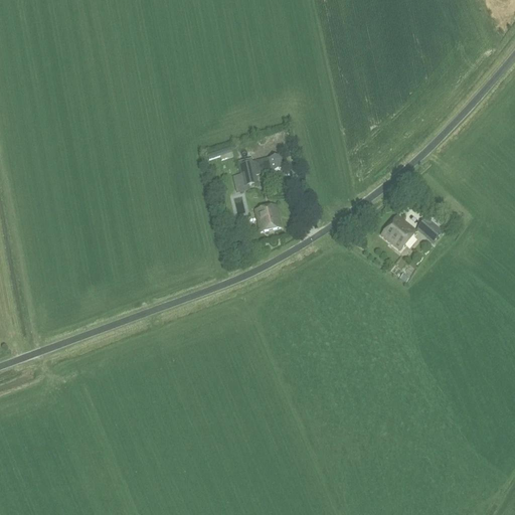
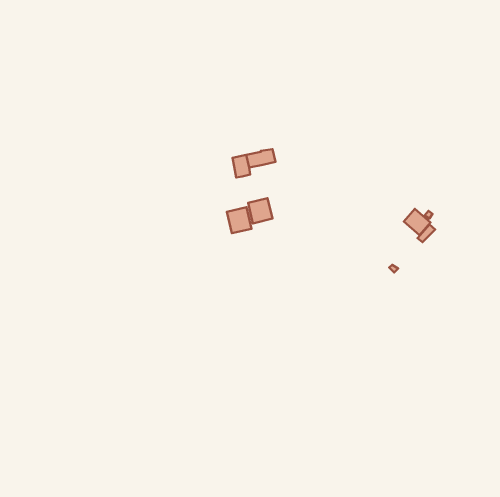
building: none -> [227,207,252,233]
building: [381,214,414,249] -> none

